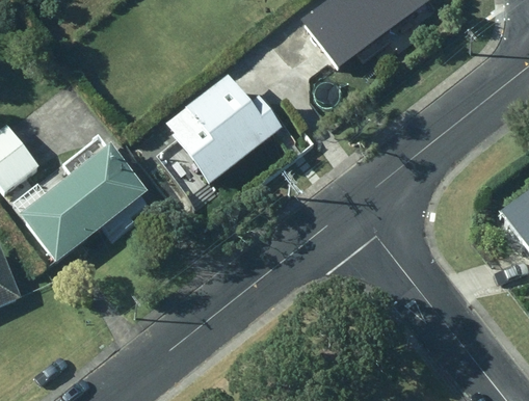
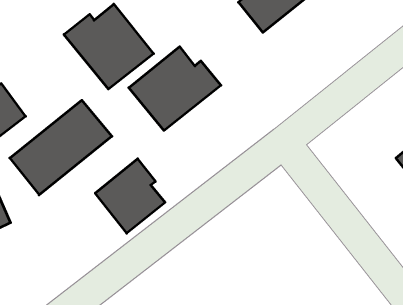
building: none -> [64,4,154,89]
building: none -> [95,159,165,233]

